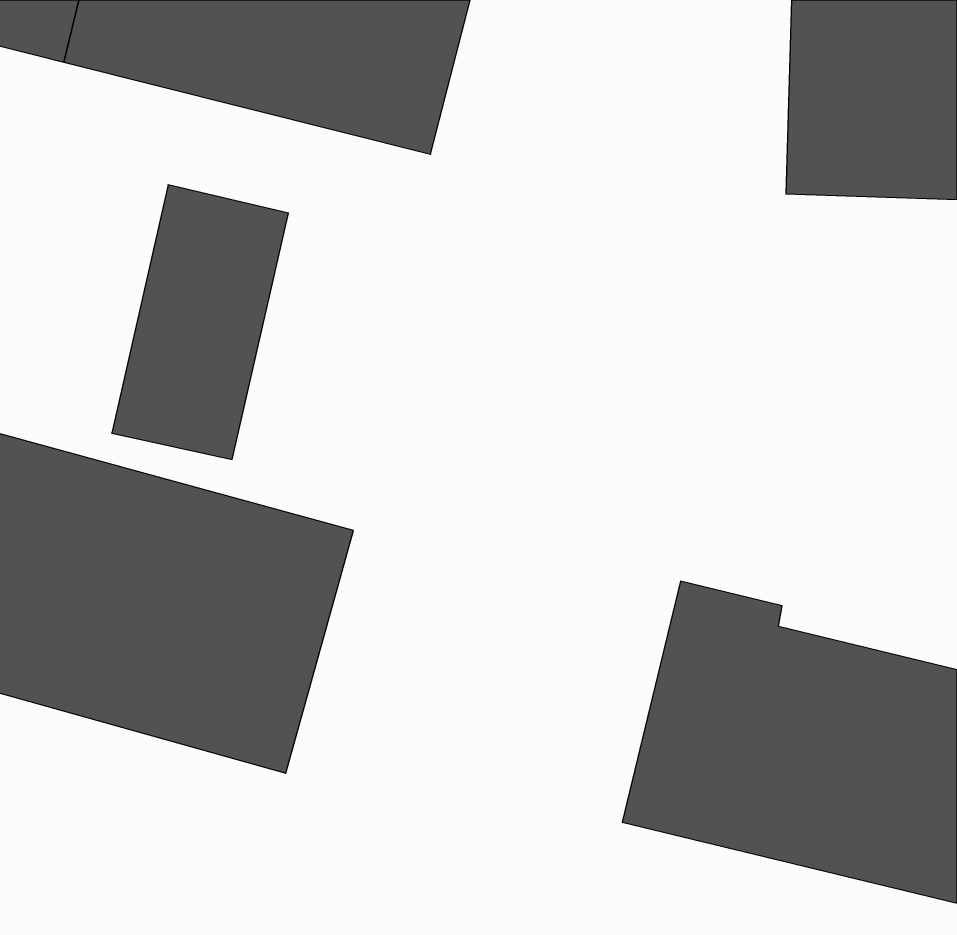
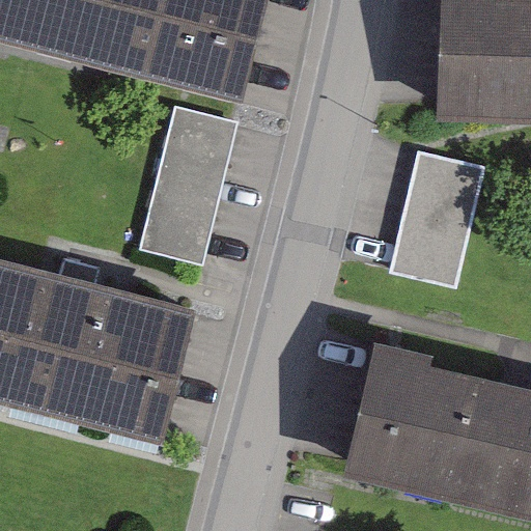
building: [112,185,288,459] -> [138,119,235,271]
building: none -> [391,169,491,306]

